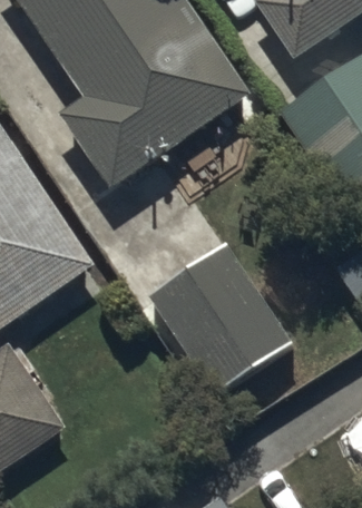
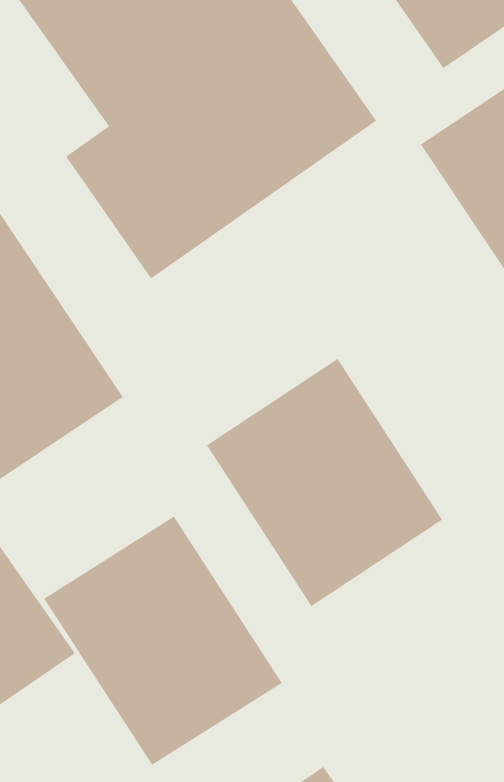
building: none -> [43,515,283,766]

